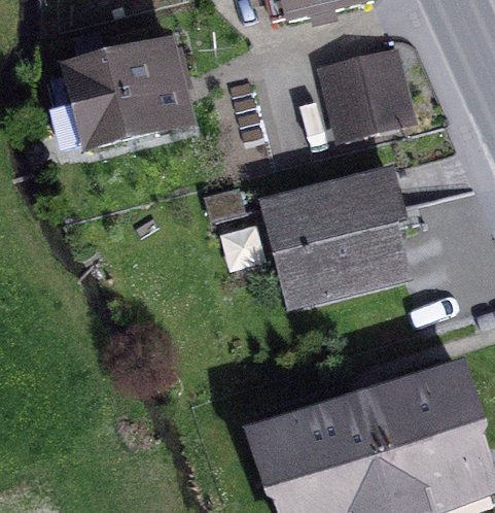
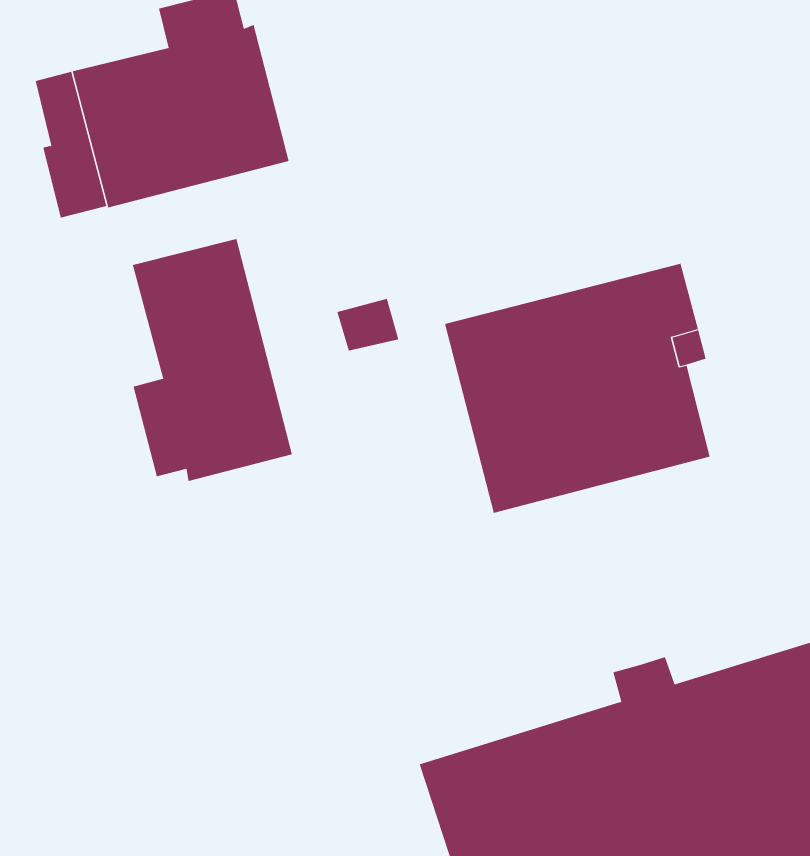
building: [332,63,410,133] -> none
building: none -> [132,238,292,482]

